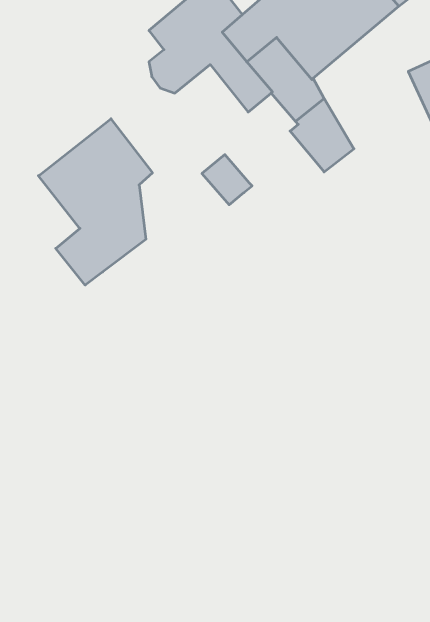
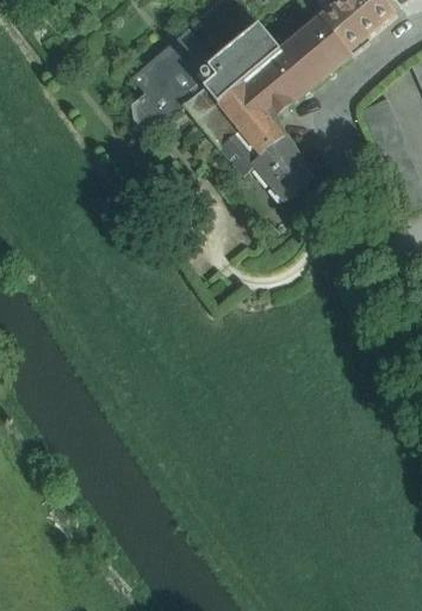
building: [38,119,152,285] -> none
building: [202,155,252,205] -> [219,129,263,173]

